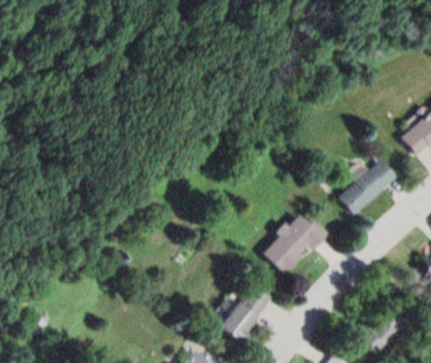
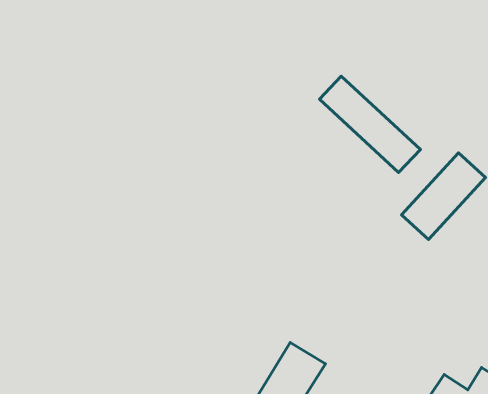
building: none -> [319,76,421,173]
building: [264,211,324,272] -> none

